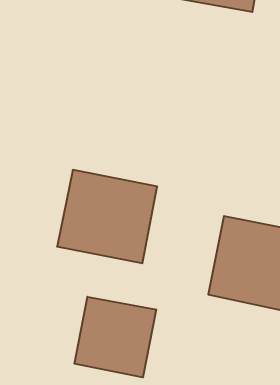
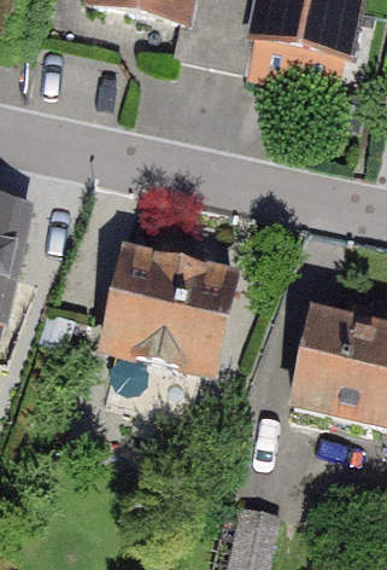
building: [75,297,156,377] -> none

